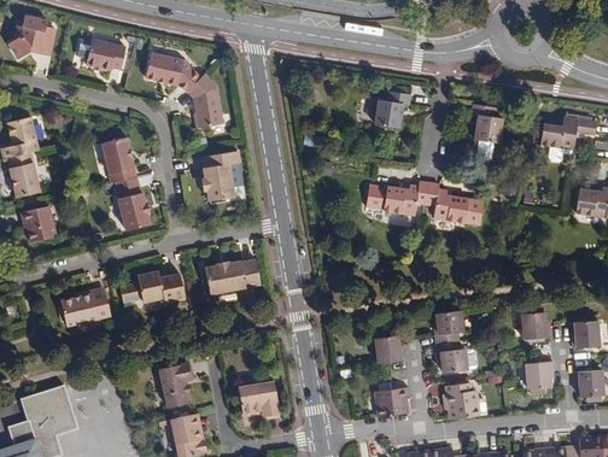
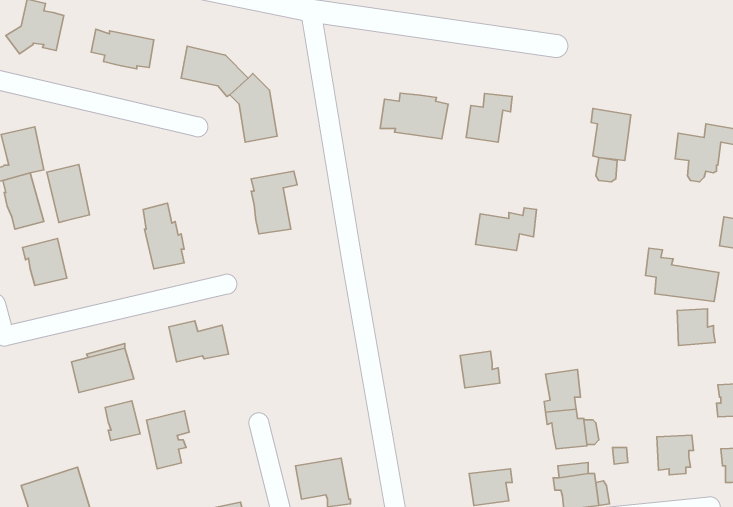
building: none -> [380,93,448,139]
building: [103,137,136,183] -> [47,164,89,222]
building: [426,182,484,224] -> [646,248,719,302]
building: [205,259,261,294] -> none
building: [520,310,550,339] -> [677,309,715,345]
building: none -> [105,401,140,441]
building: [373,334,404,363] -> [460,351,500,388]
building: [159,361,193,406] -> [147,411,189,469]

